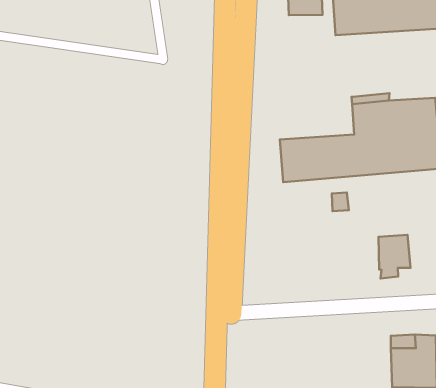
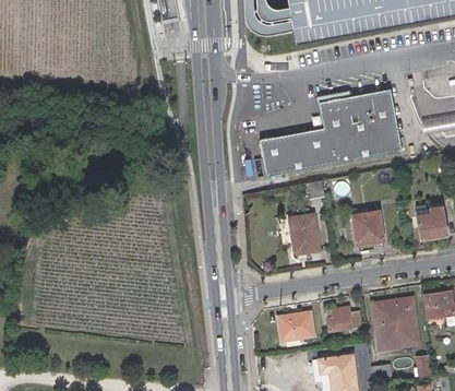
building: none -> [289,215,319,254]
building: none -> [326,305,360,328]
building: none -> [274,316,310,341]

